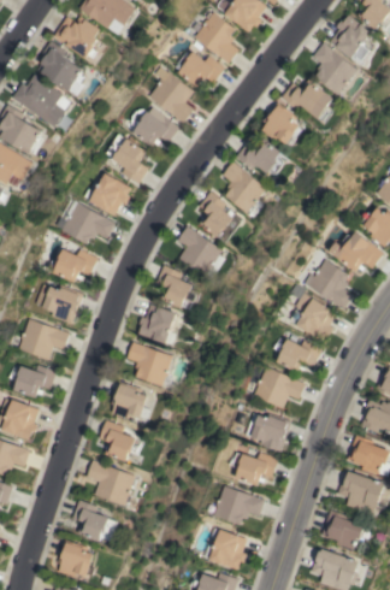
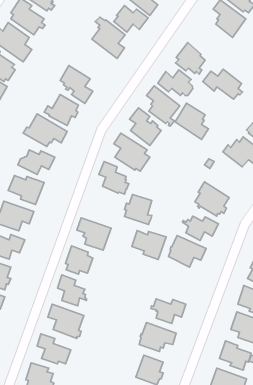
building: [283,81,337,122] -> [203,69,242,99]
building: [130,107,179,146] -> none
building: [307,260,353,309] -> [175,103,209,139]
building: [141,305,178,346] -> [125,194,152,224]
building: [244,413,291,453] -> [132,231,166,260]

